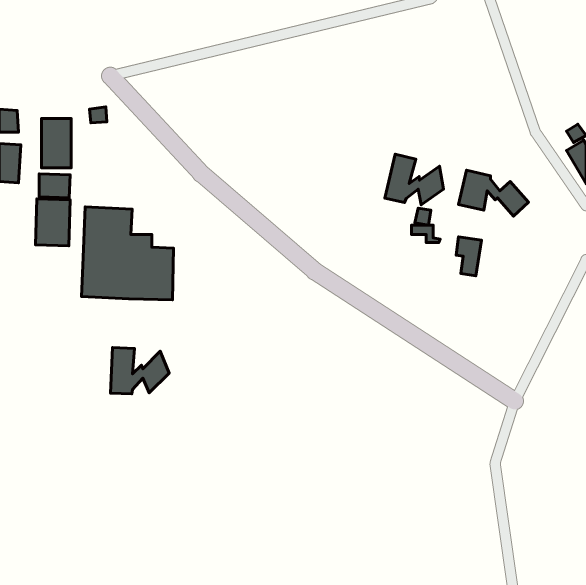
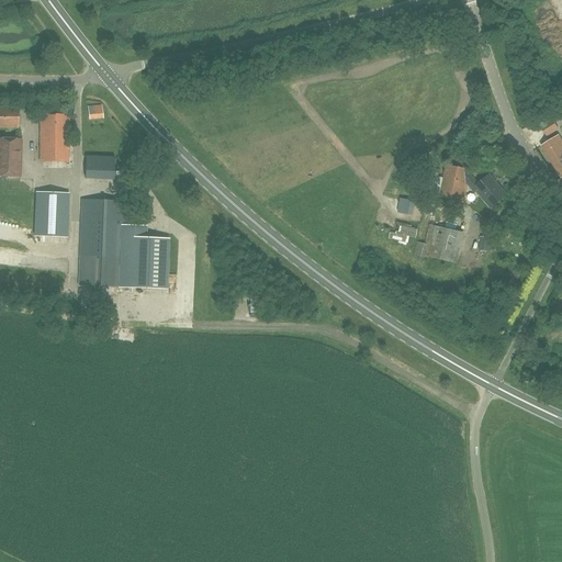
building: [385,154,444,205] -> none
building: [39,174,70,198] -> [85,154,114,177]
building: [111,347,169,394] -> none

